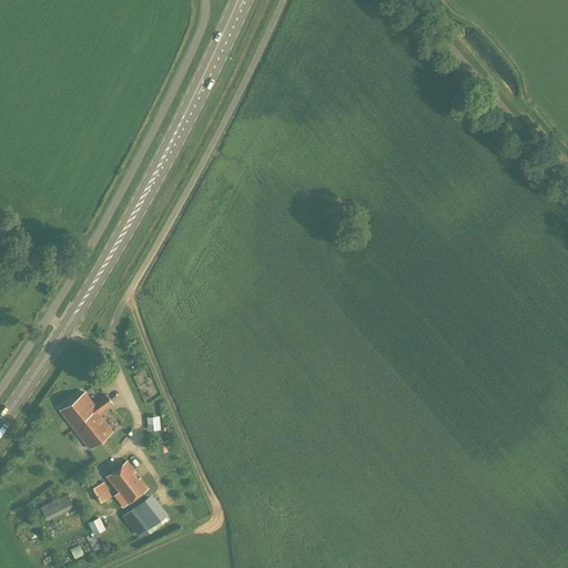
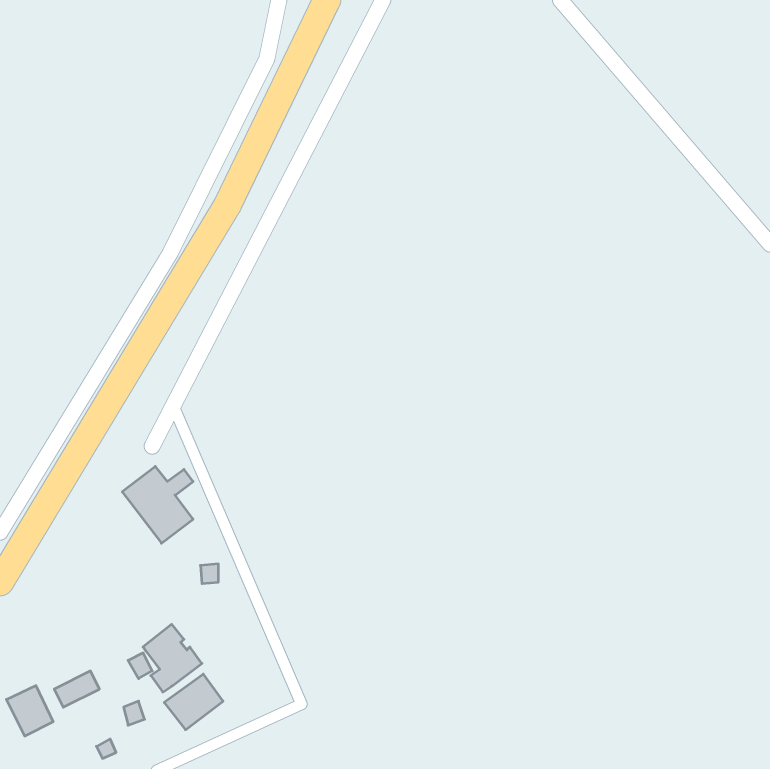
building: [60,393,112,449] -> [122,466,193,543]
building: none -> [6,686,53,736]

